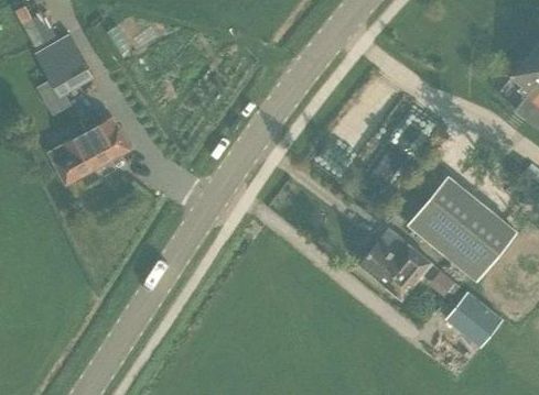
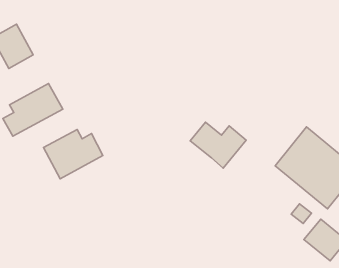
building: none -> [44,129,103,179]
building: [358,241,431,300] -> [190,122,246,168]

